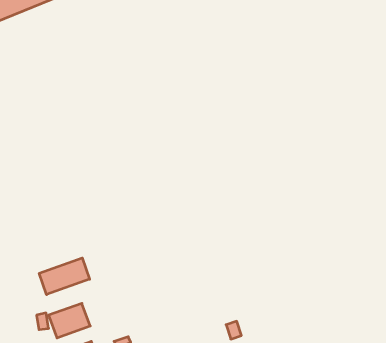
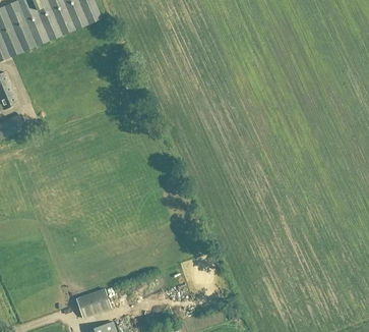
building: [39,258,90,295] -> none

